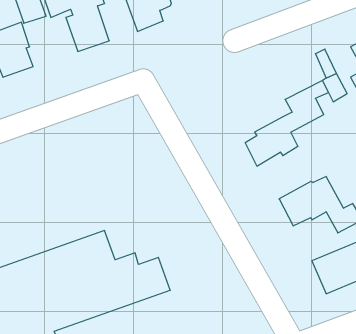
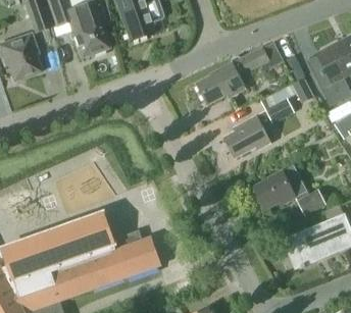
building: none -> [195,42,283,104]

